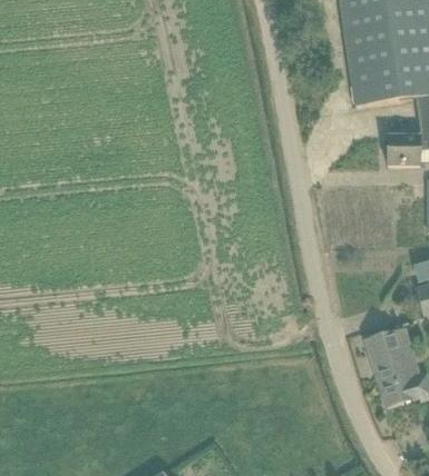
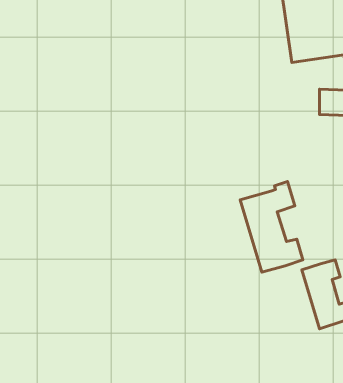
building: none -> [240,182,303,272]

